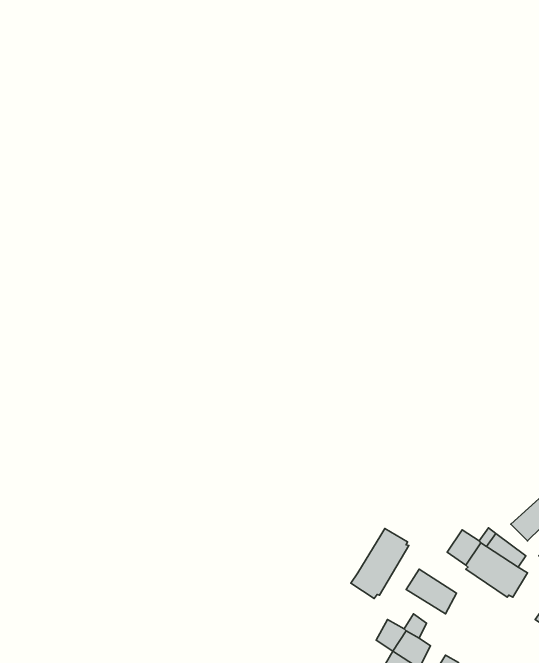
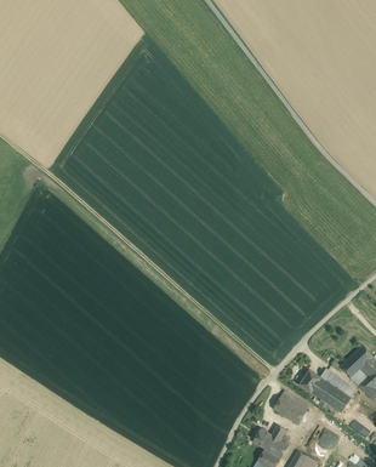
building: [351,529,409,598] -> none

